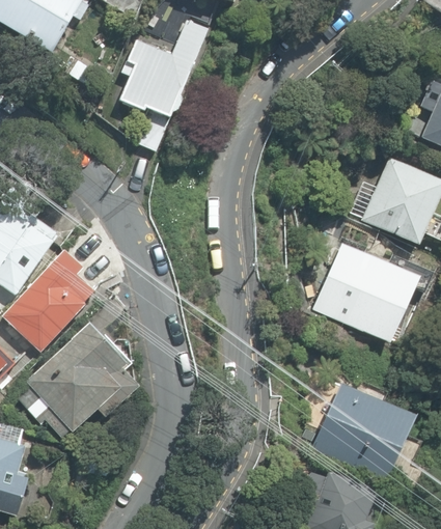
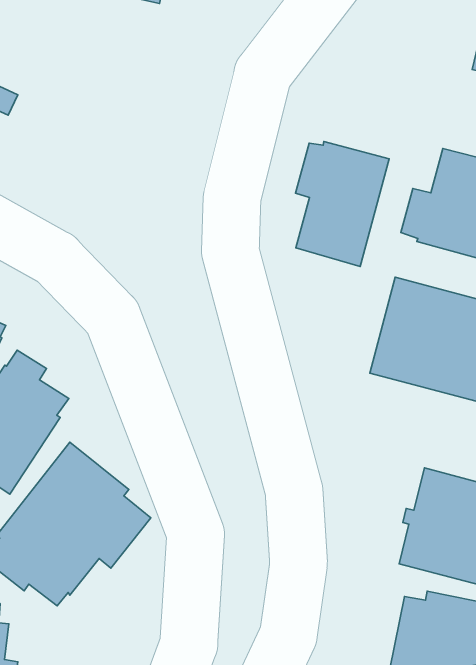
building: [120,20,209,150] -> none
building: none -> [295,142,389,266]

